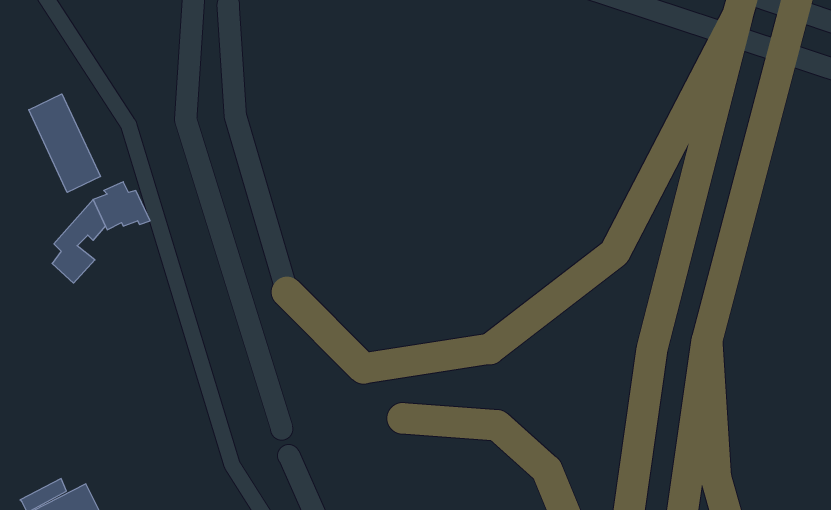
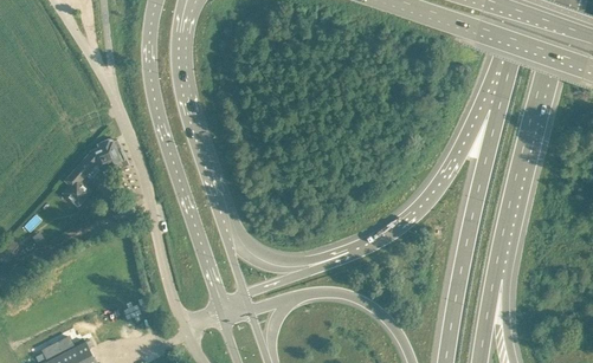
building: [29,94,100,192] -> none

